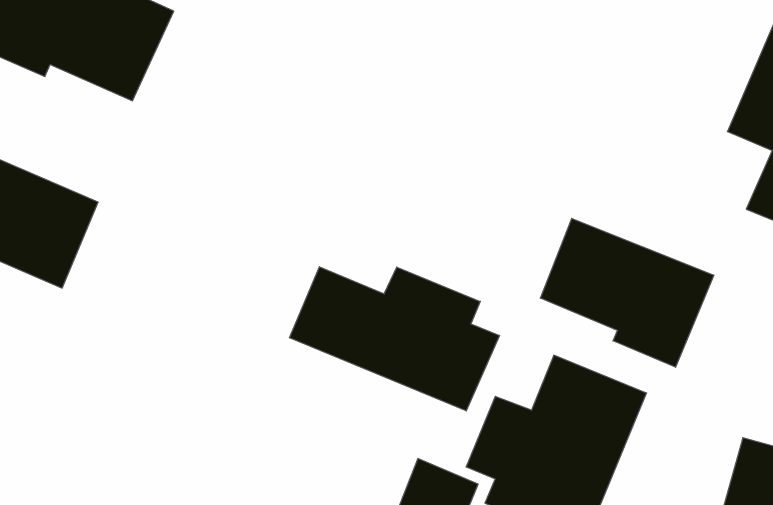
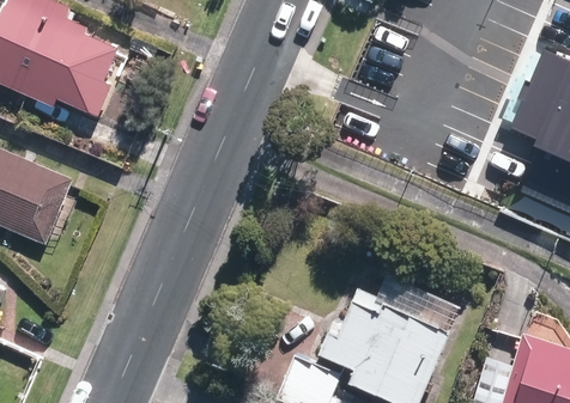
building: [540,218,714,367] -> none
building: [289,267,500,411] -> none

